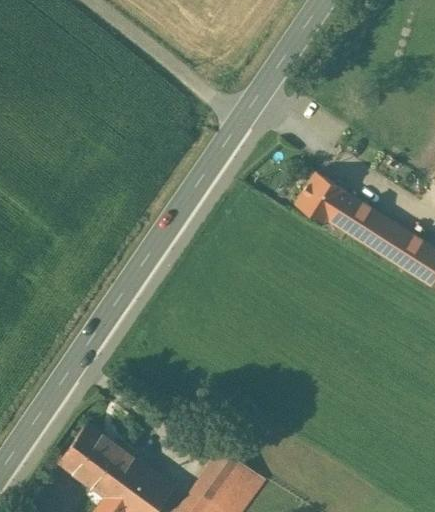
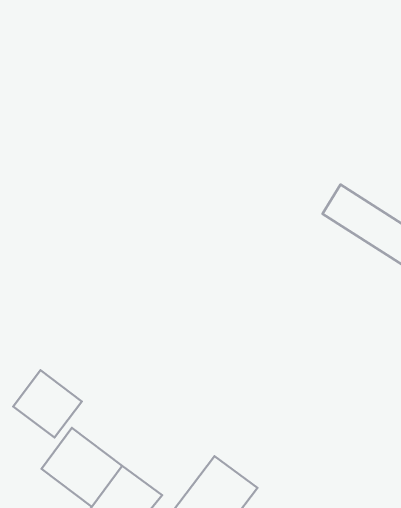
building: [294,172,344,223] -> none
building: none -> [13,370,82,438]

